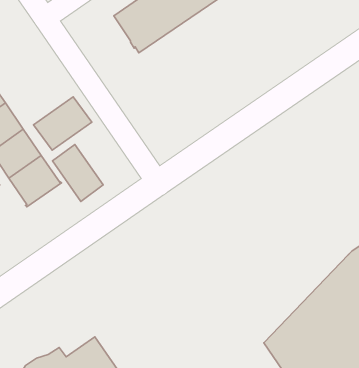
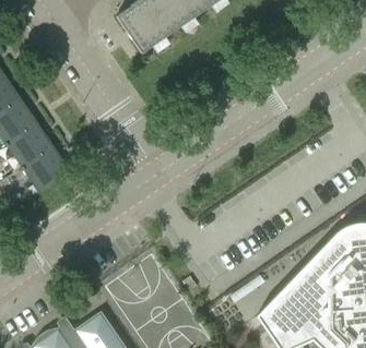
building: [34,97,92,150] -> none
building: [52,144,103,201] -> none

